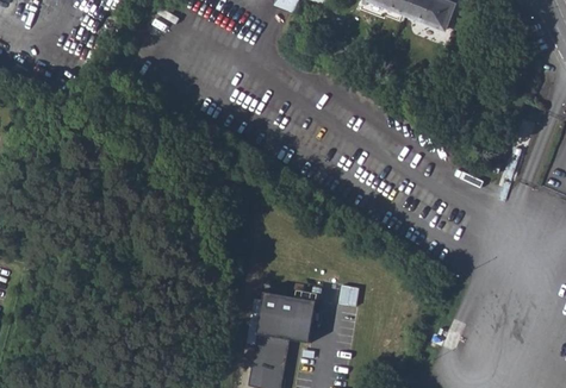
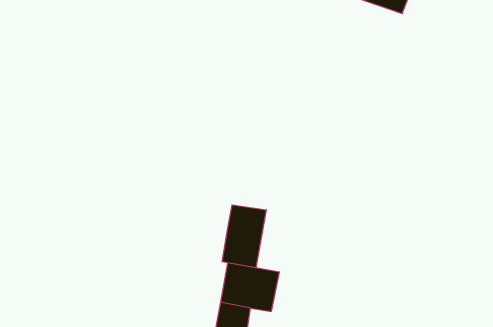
building: none -> [222,205,266,268]

